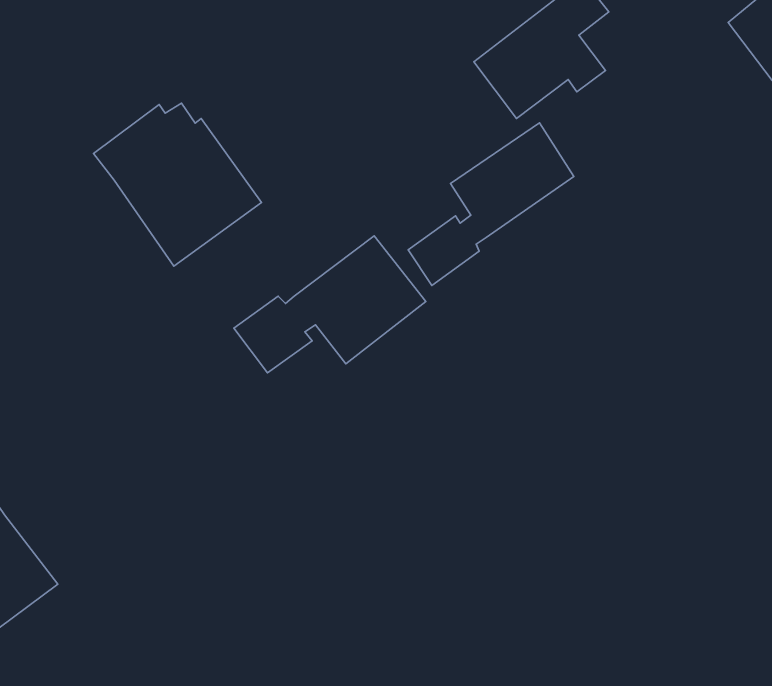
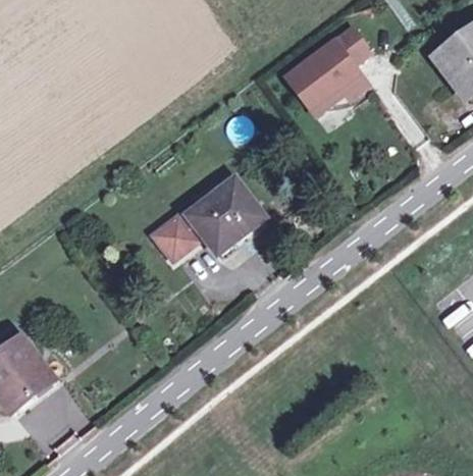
building: [93,103,262,266] -> none
building: [408,123,574,285] -> none

